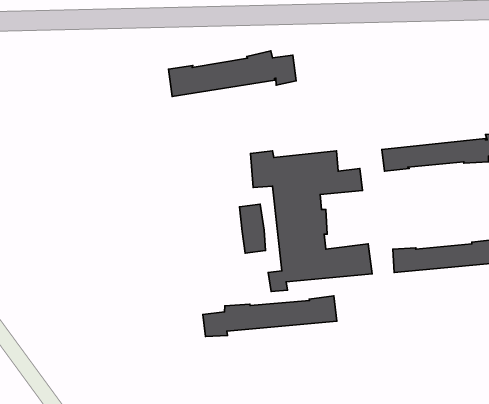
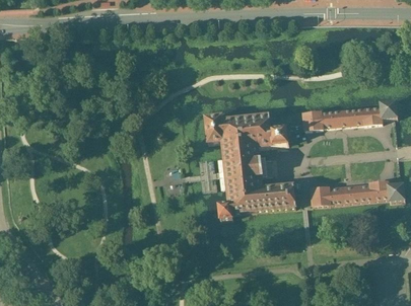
building: [169,51,296,97] -> none
building: [203,296,337,337] -> none

